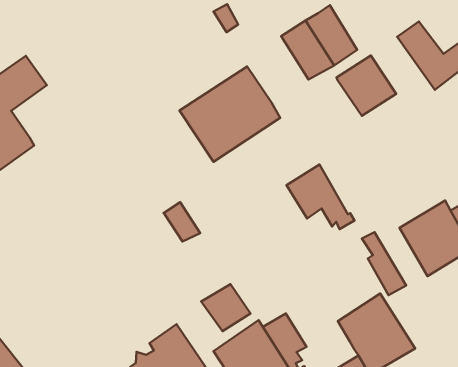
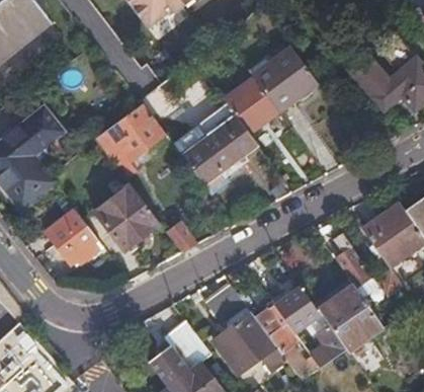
building: [336,56,396,116] -> [226,81,276,132]
building: none -> [96,102,166,168]
building: none -> [96,184,161,250]
building: [286,164,355,229] -> [273,287,332,339]
building: none -> [45,208,103,264]

